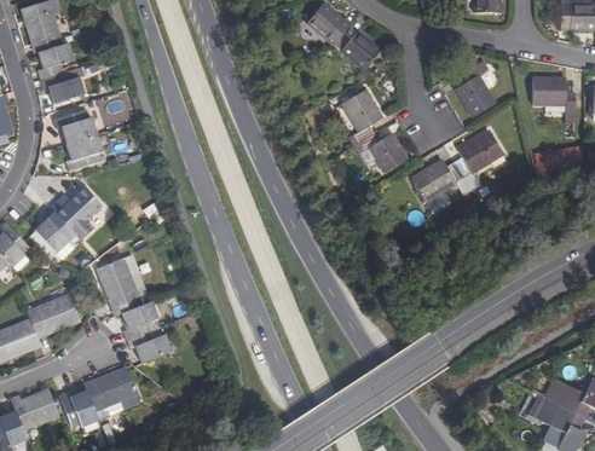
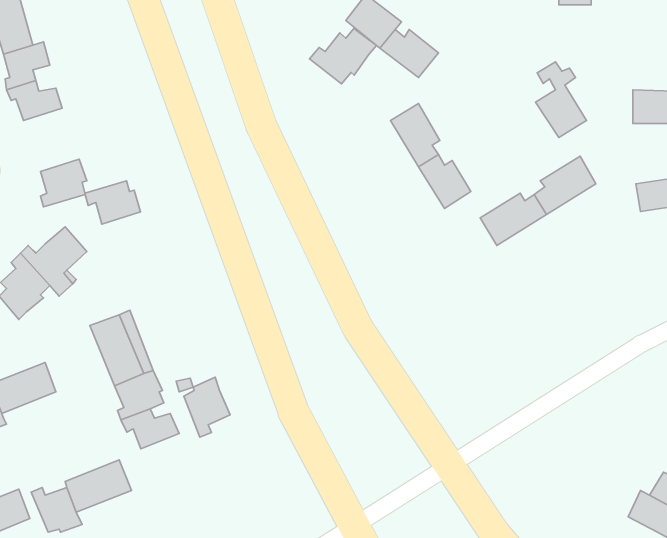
building: none -> [309,29,377,84]
building: [53,109,97,143] -> [85,181,140,224]
building: none -> [184,377,230,437]

